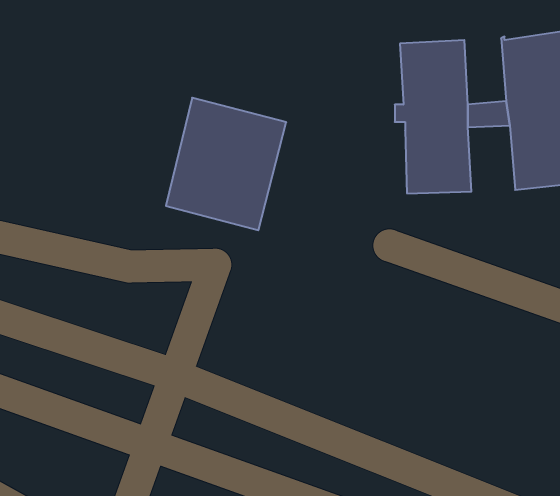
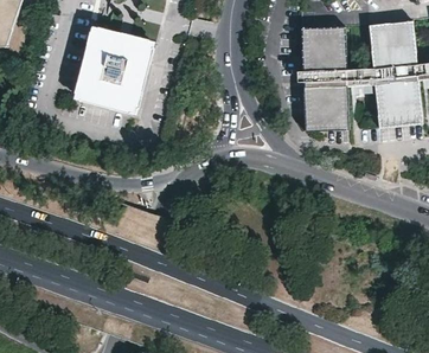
building: [166,98,286,230] -> [75,25,156,115]

